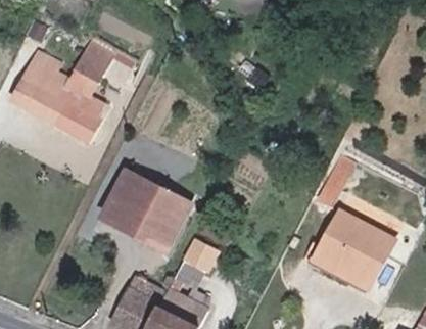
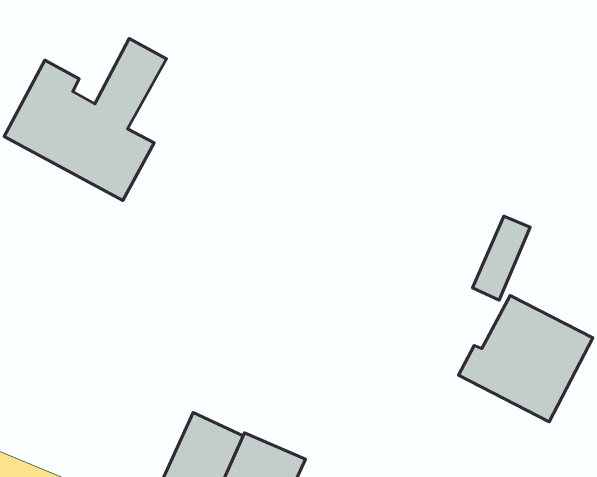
building: [103,174,191,249] -> none
building: [177,240,216,284] -> none

